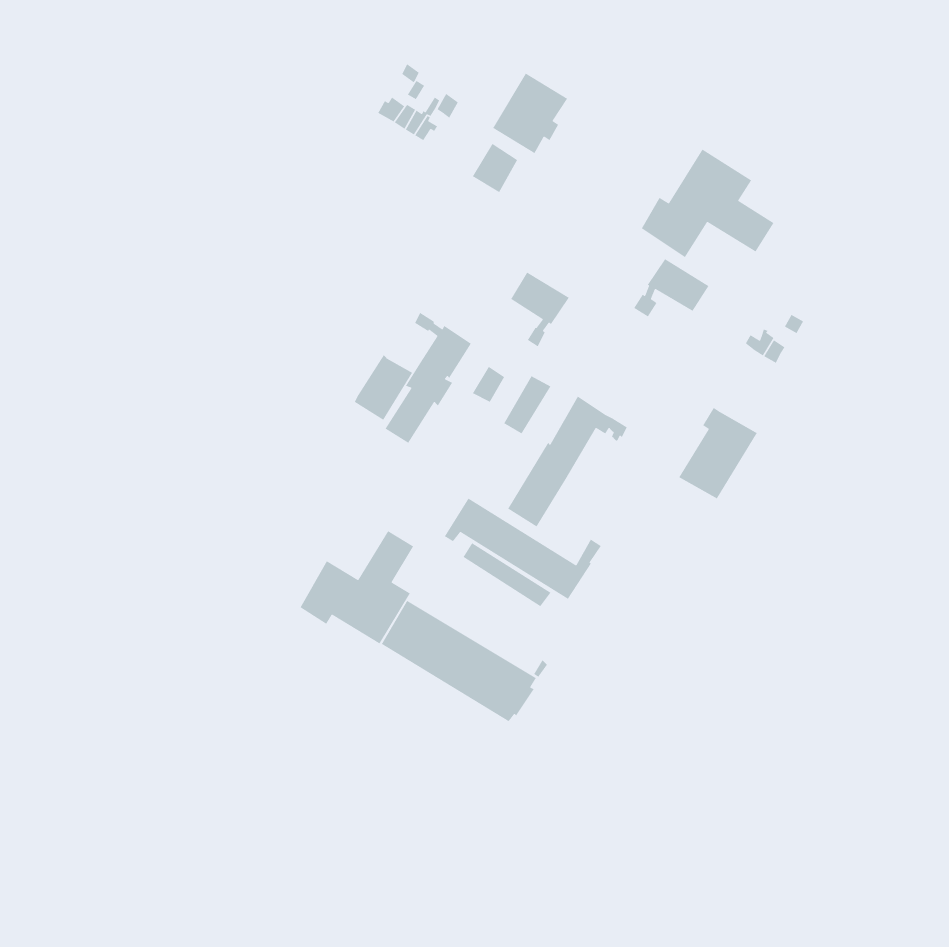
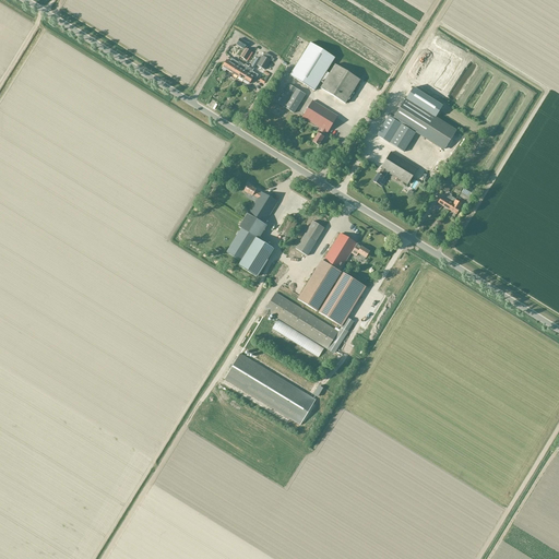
building: none -> [320,64,359,103]
building: [510,271,570,348] -> [302,100,337,145]
building: [354,354,413,421] -> [238,237,273,276]
building: [678,407,758,500] -> [319,271,366,325]
building: [300,530,414,645] -> none

